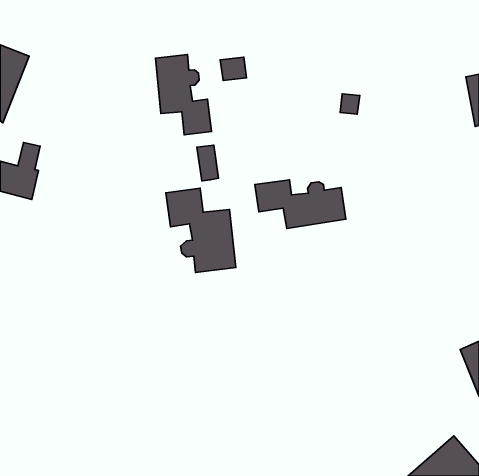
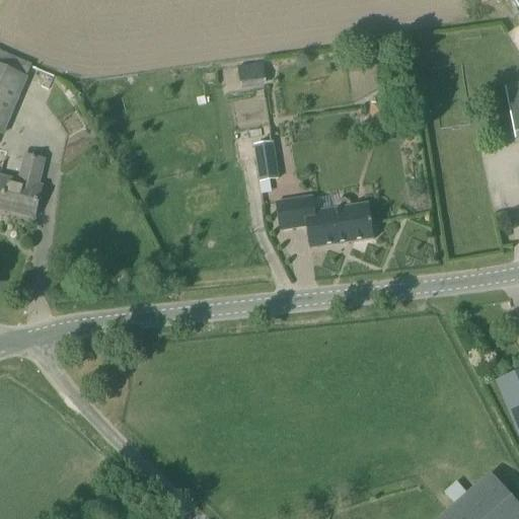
building: [155,54,211,135] -> none
building: [197,145,219,181] -> [254,141,278,179]
building: [166,188,236,273] -> none

